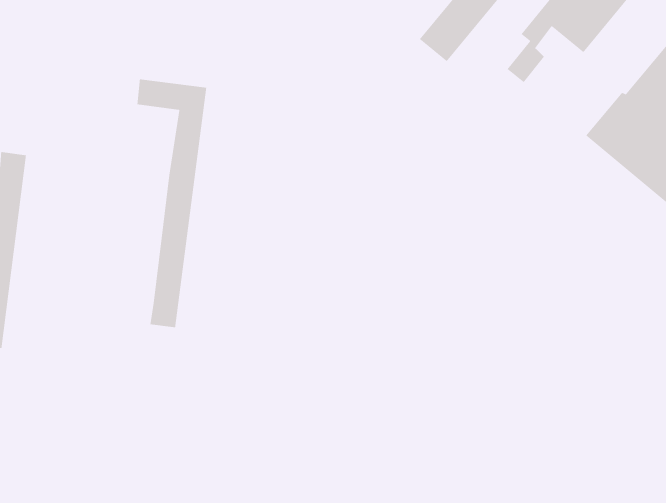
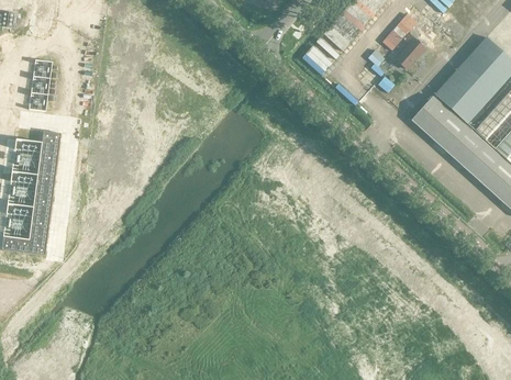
building: [137,79,207,328] -> none

